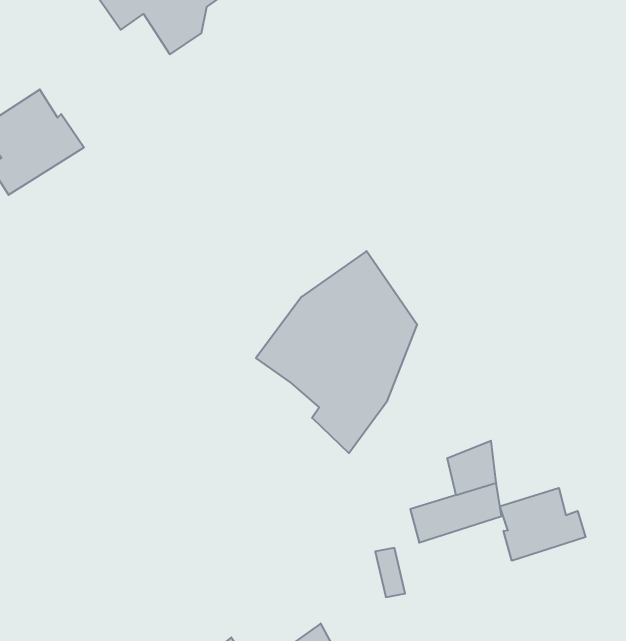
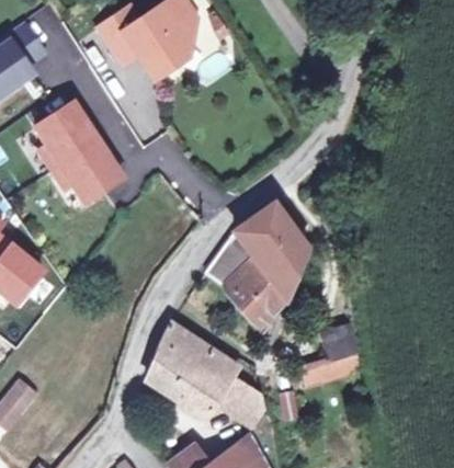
building: none -> [53,138,121,201]
building: none -> [149,321,266,422]
building: [500,488,586,561] -> none

